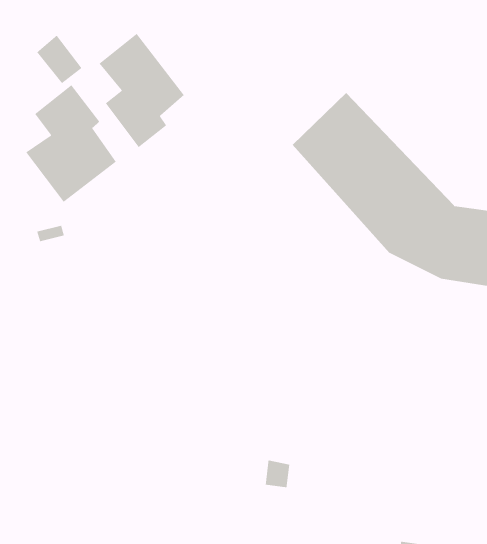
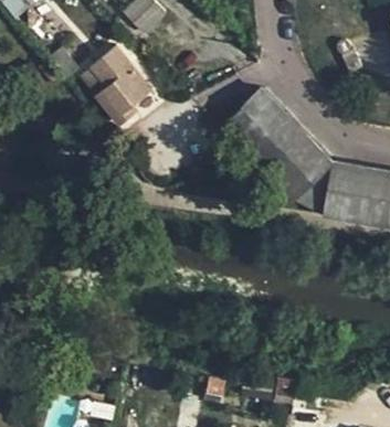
building: [25,84,117,203] -> none

